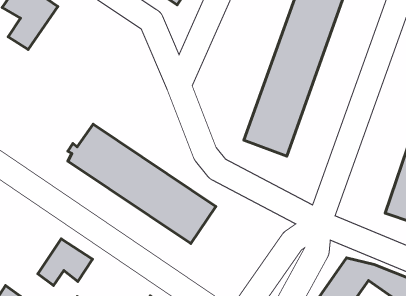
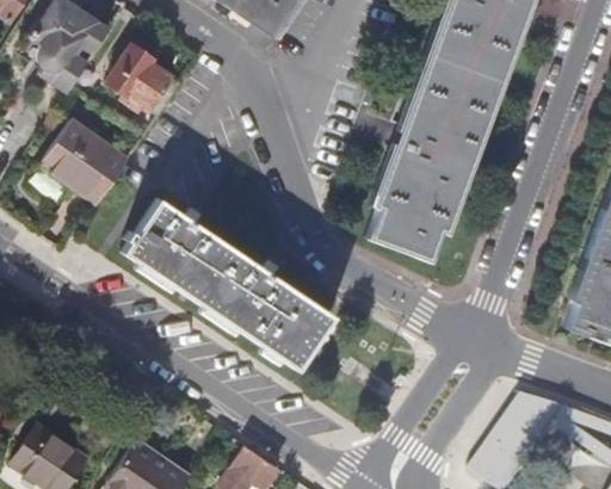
building: none -> [112,49,172,109]
building: none -> [43,122,128,202]
building: [38,239,93,286] -> none

